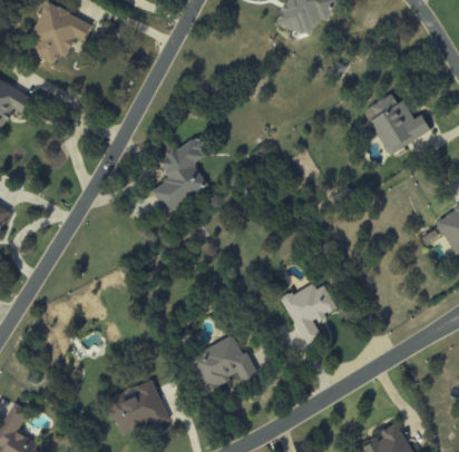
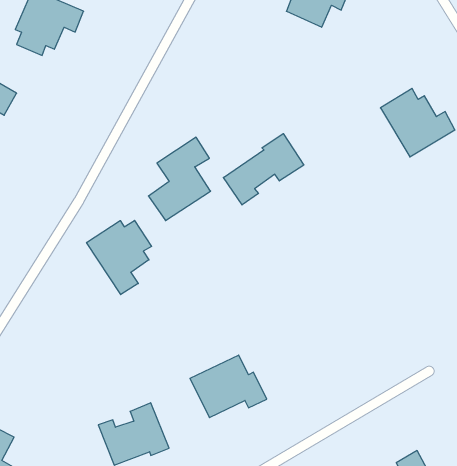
building: none -> [223,134,304,205]
building: none -> [87,220,152,295]
building: [281,282,336,345] -> none

